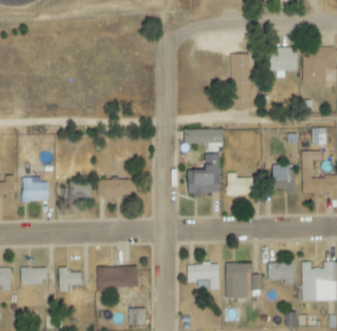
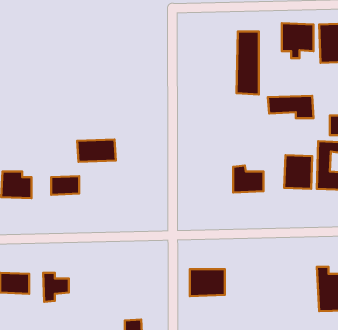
building: [183,129,224,148] -> [268,96,313,118]
building: [187,155,221,195] -> none
building: [97,179,131,199] -> [77,140,116,162]
building: [268,262,295,285] -> none
building: [226,263,262,298] -> none
building: [98,266,138,289] -> none

